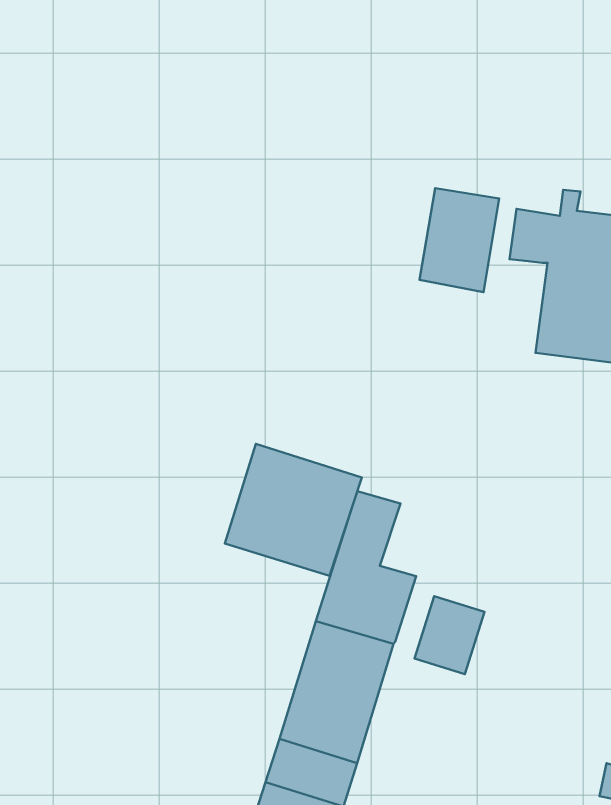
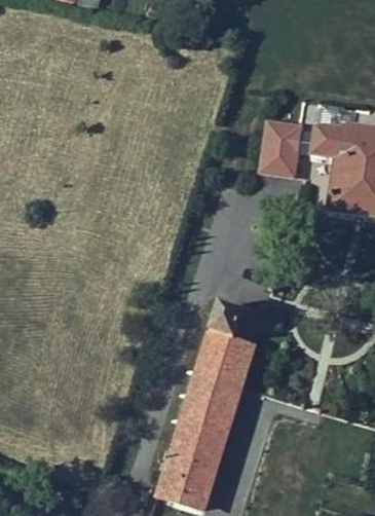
building: [225,444,362,576] -> none
building: [415,596,484,674] -> none

